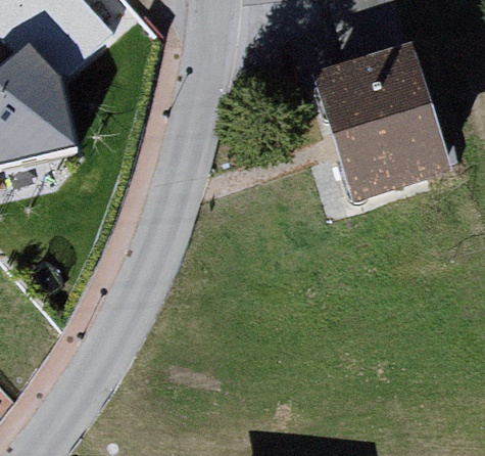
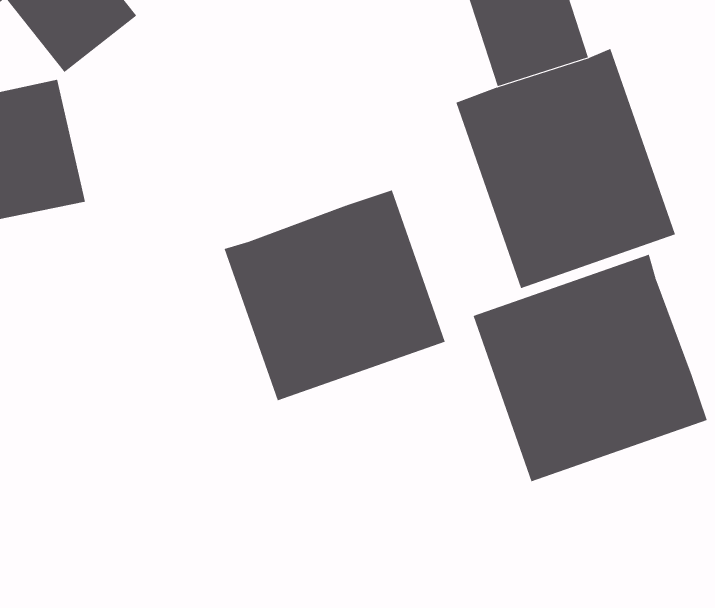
building: none -> [224,190,446,401]
building: none -> [473,254,707,482]

